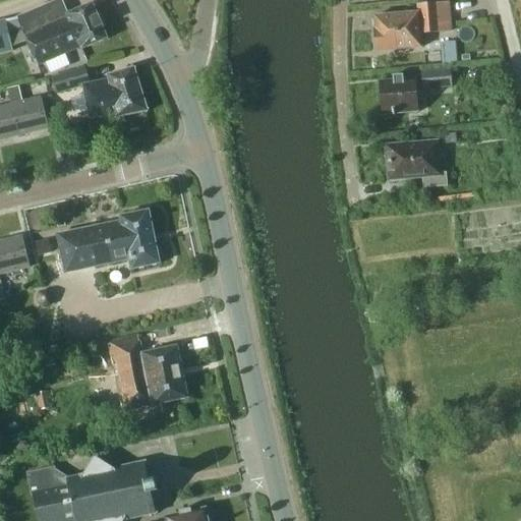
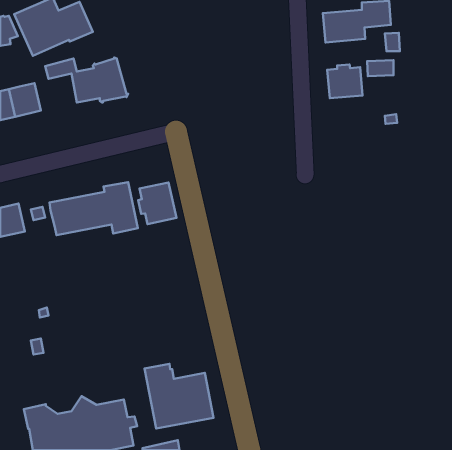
building: [386,140,444,186] -> none
building: none -> [138,182,177,224]
building: [108,335,187,409] -> [145,364,214,428]

